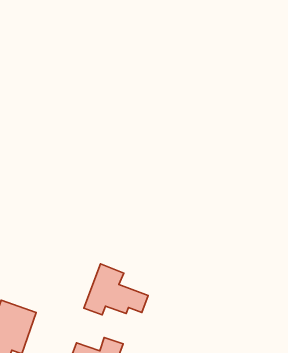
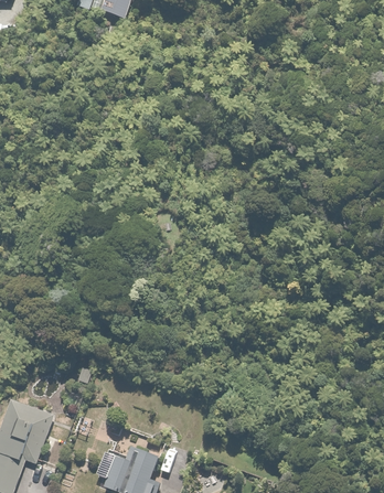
building: [84,264,148,315] -> none

